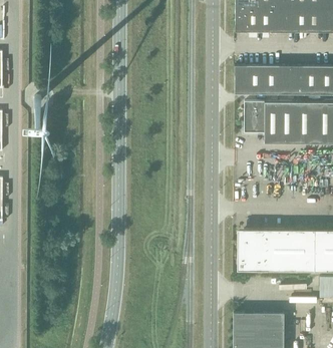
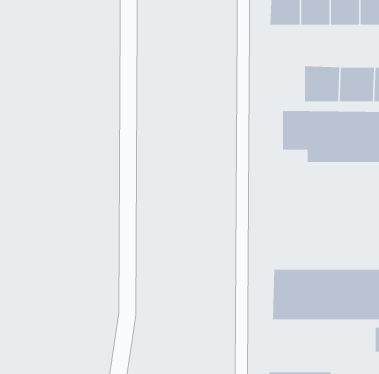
building: [236,65,264,94] -> none

